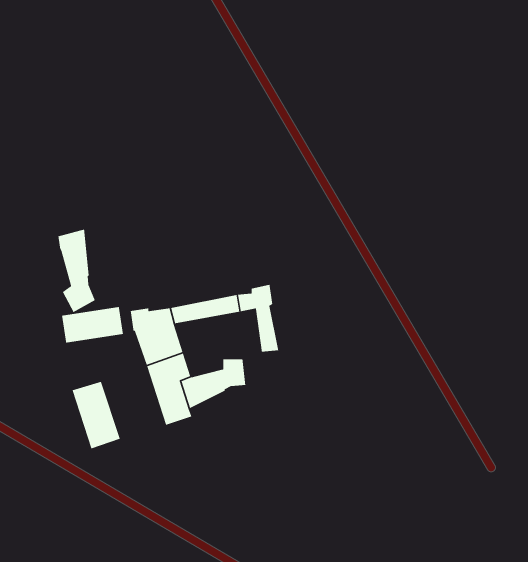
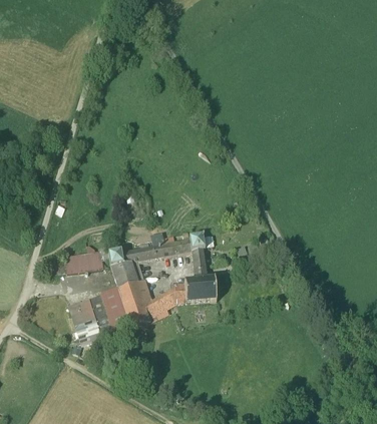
building: [58,228,96,313] -> none
building: none -> [182,278,217,302]
building: none -> [101,289,131,335]

